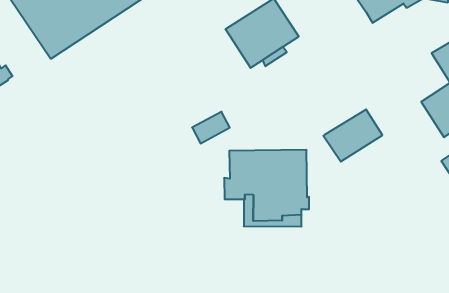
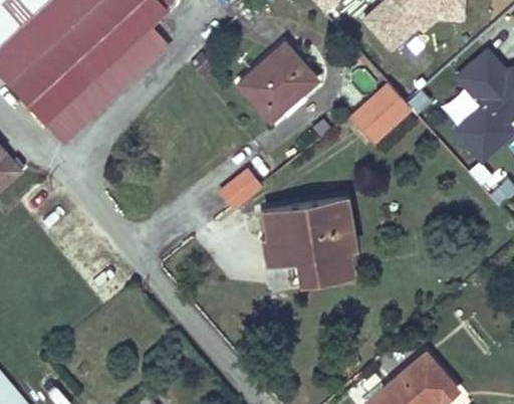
building: [323,109,382,162] -> [349,83,411,142]

